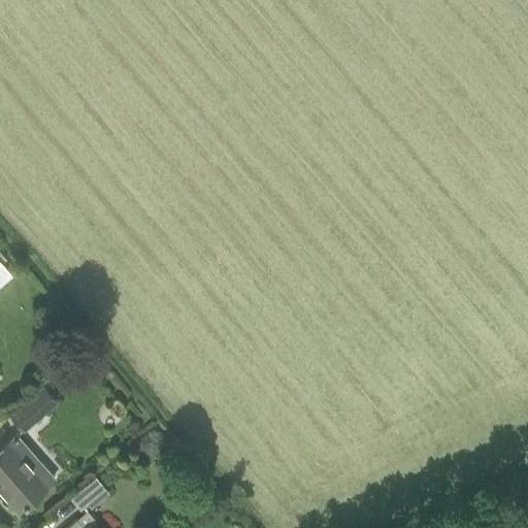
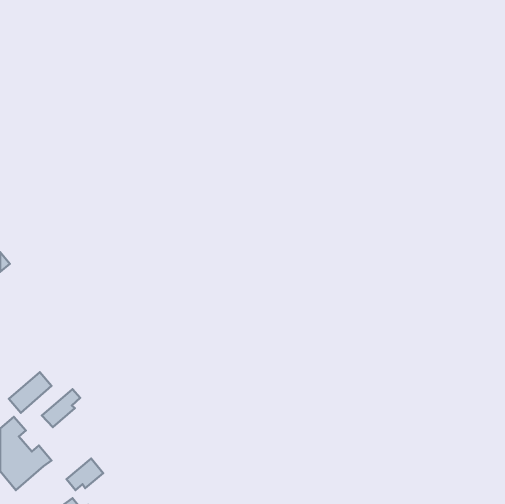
building: none -> [42,389,80,427]

